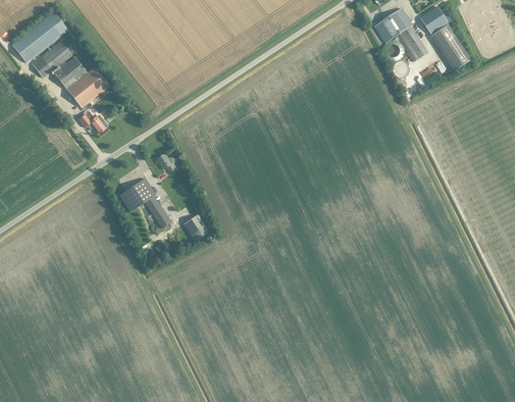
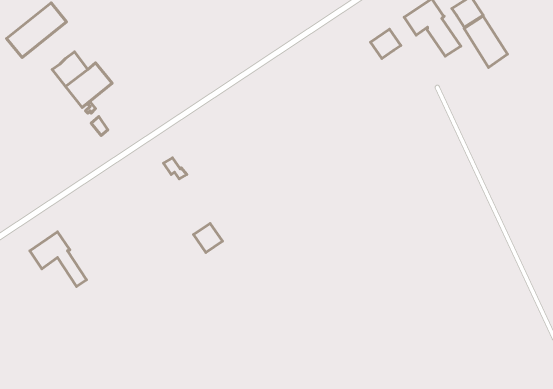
building: [31,29,81,77] -> none
building: none -> [370,29,401,59]
building: [118,178,170,228] -> [30,232,86,287]

